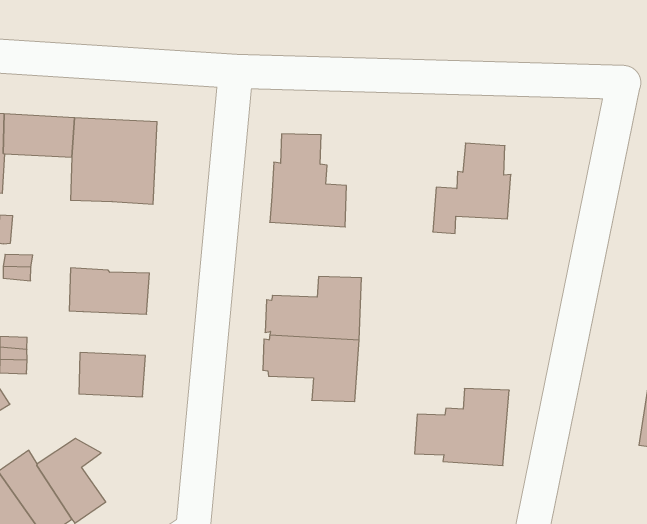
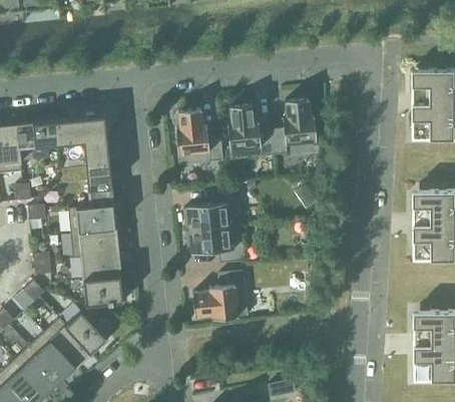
building: none -> [227,104,275,159]
building: none -> [86,164,114,208]
building: none -> [71,229,119,259]
building: [415,389,509,466] -> [193,272,248,319]
building: none -> [84,277,124,313]

